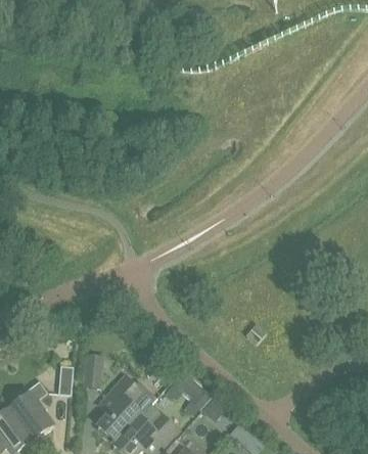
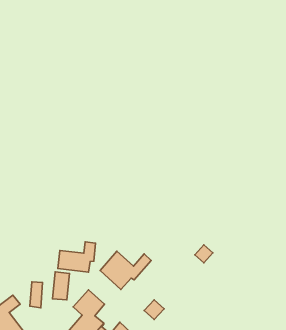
building: none -> [58,242,95,272]
building: none -> [100,251,151,290]

